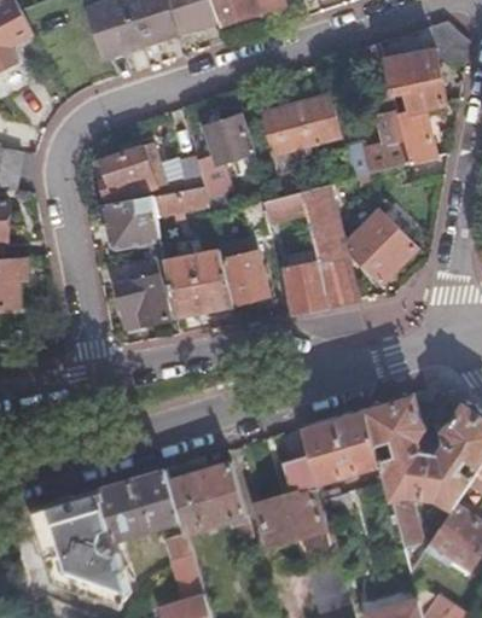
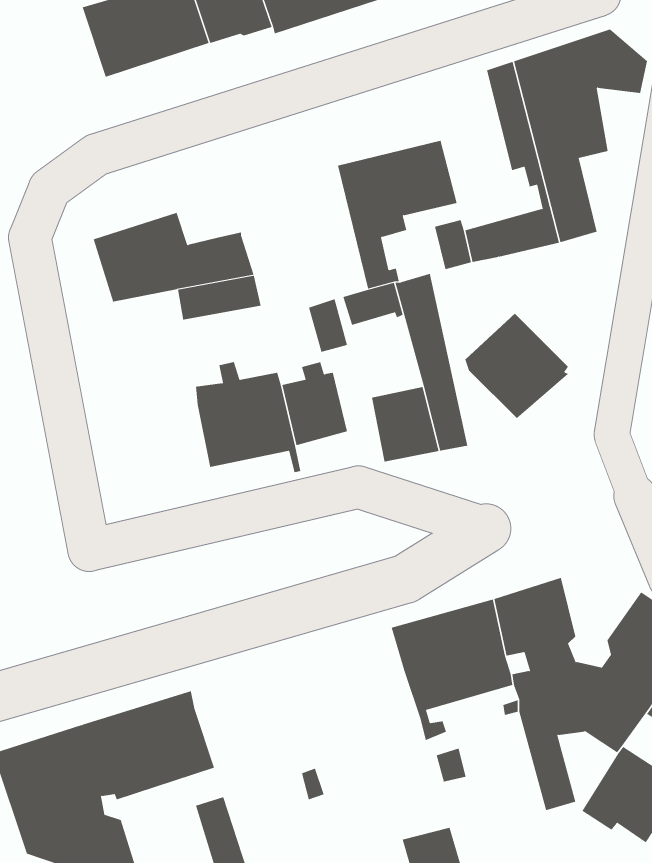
building: [198,116,254,215] -> none
building: [108,198,162,250] -> none
building: [111,258,170,332] -> none
building: [257,454,324,546] -> none
building: [167,460,246,534] -> none

